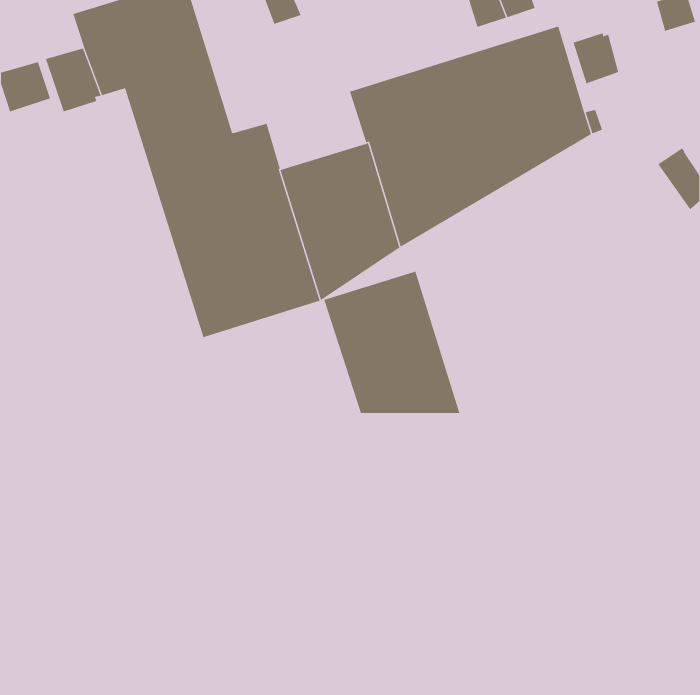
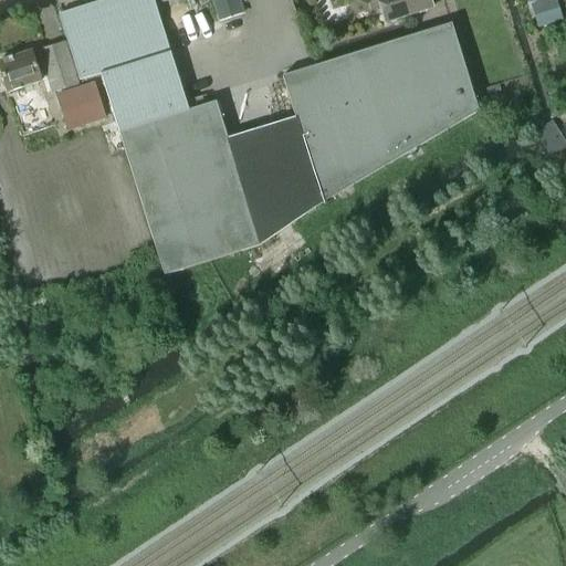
building: [573,32,619,84] -> none
building: none -> [55,80,105,127]
building: [323,270,460,414] -> none

